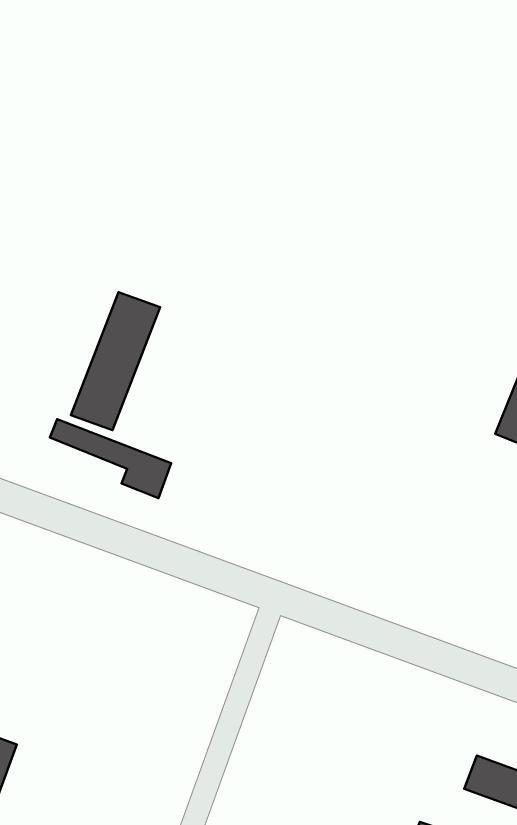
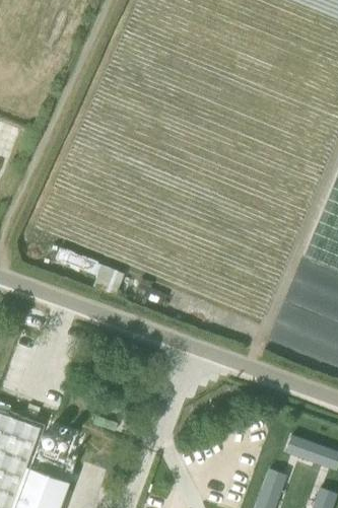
building: [71,292,160,430] -> none

